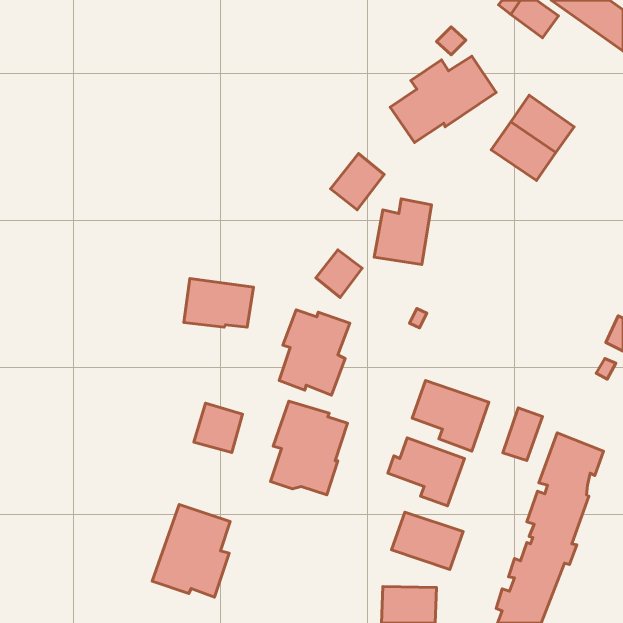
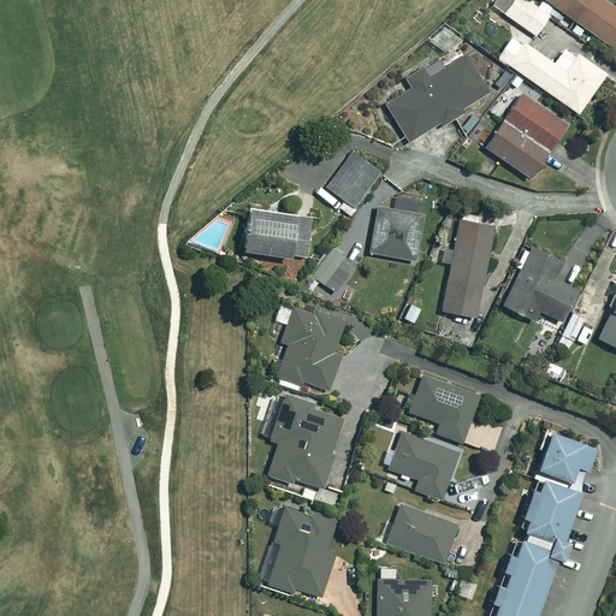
building: none -> [499,36,606,114]
building: none -> [442,213,494,319]
building: none -> [503,245,579,324]
building: [184,279,253,327] -> [244,209,313,257]
building: [194,403,242,453] -> none
building: [503,408,543,461] -> none
building: [152,505,230,597] -> [259,505,336,597]

